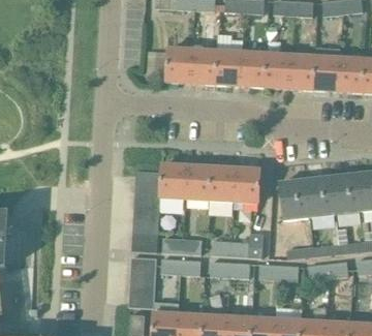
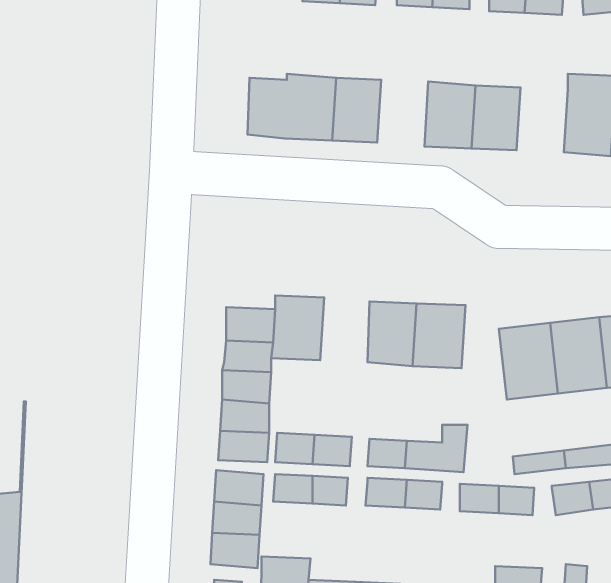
building: [215,32,243,86] -> none
building: [288,55,315,89] -> none
building: [185,165,211,200] -> none

